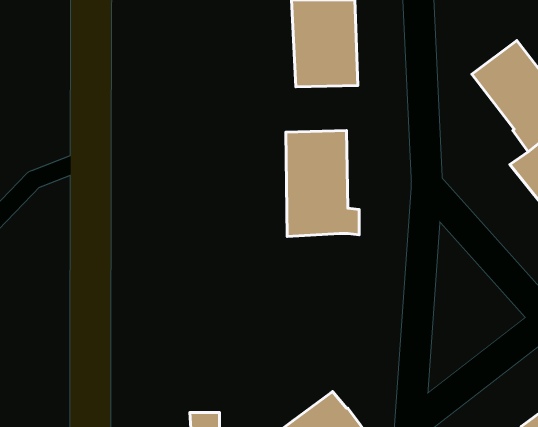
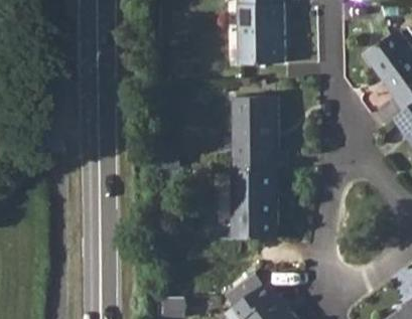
building: none -> [230,170,276,241]

